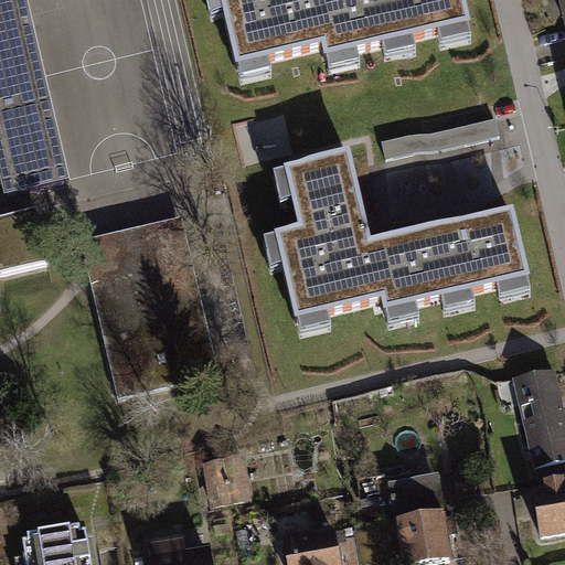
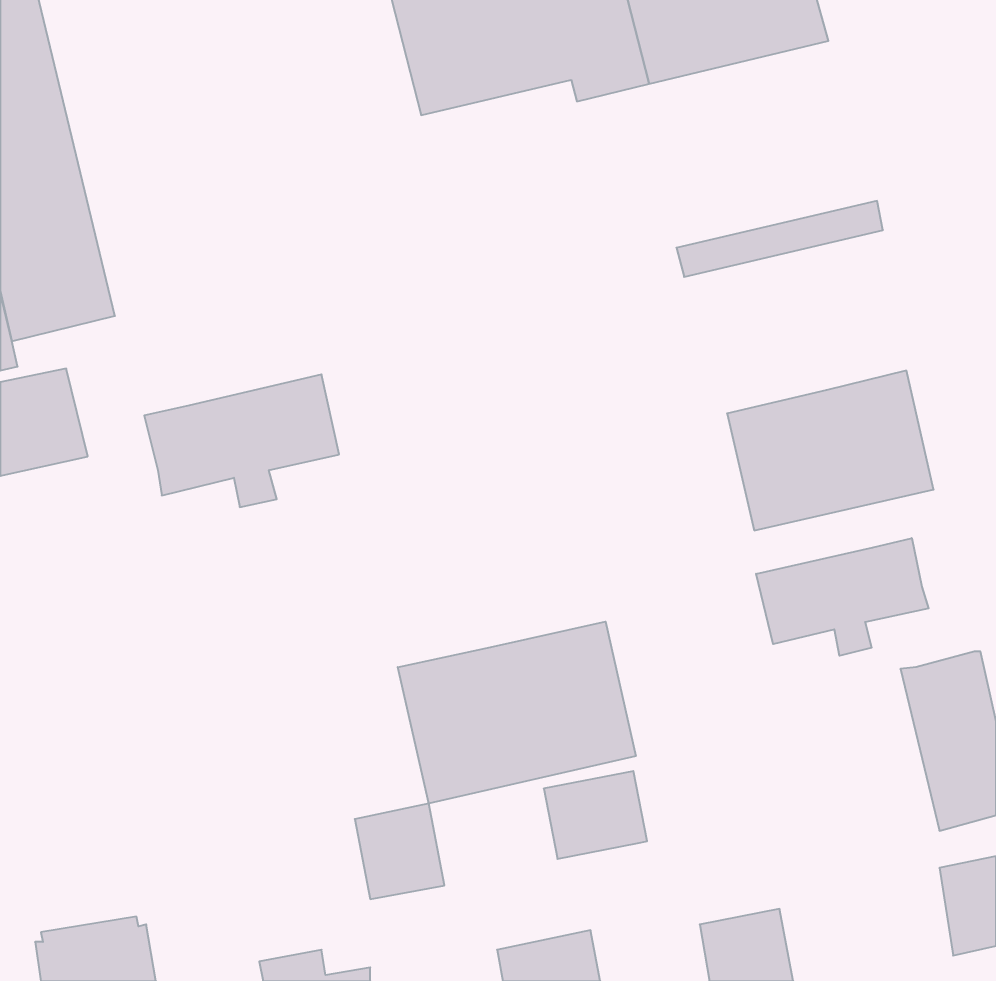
building: [278,153,427,319] -> none
building: [92,257,218,393] -> none
building: none -> [756,538,929,656]
building: none -> [398,622,636,804]
building: [388,473,447,523] -> [544,771,647,859]

